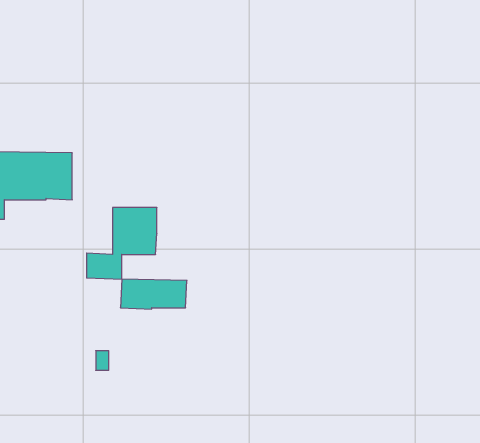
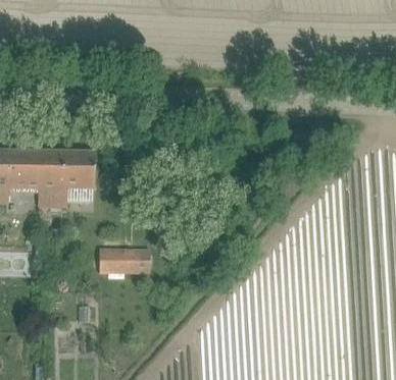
building: [87,208,157,279] -> [40,150,95,206]

